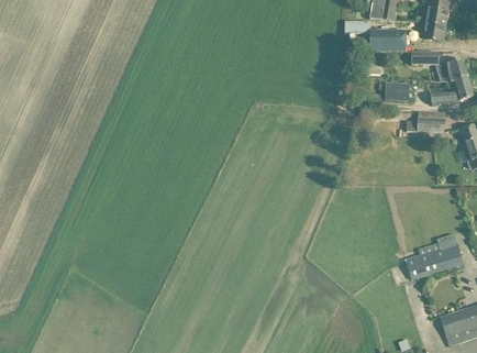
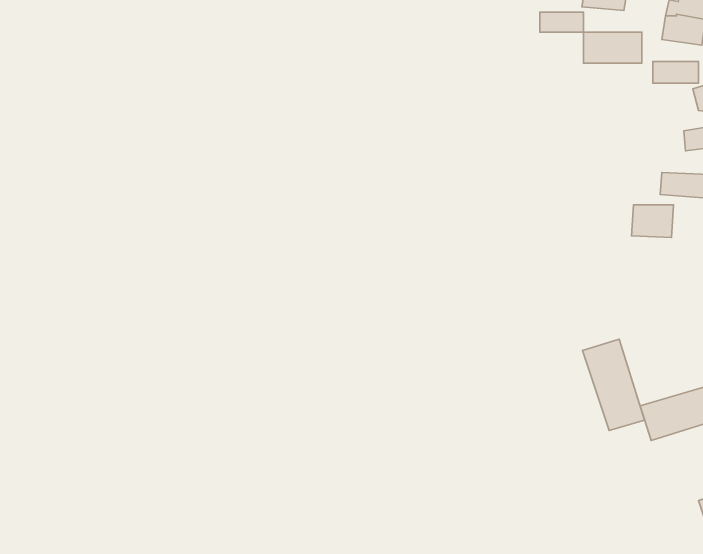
building: [384,82,409,102] -> [632,205,673,238]
building: none -> [582,339,645,430]

